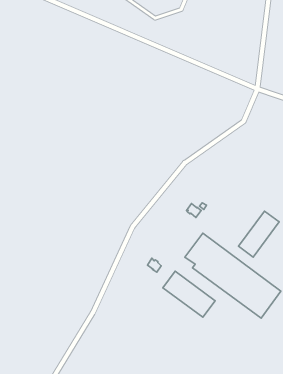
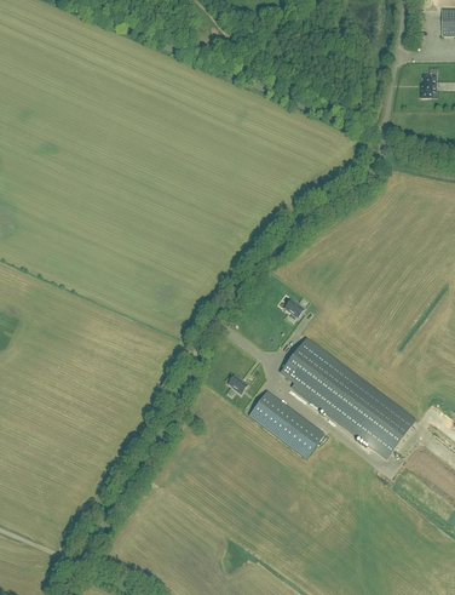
building: [238,211,279,257] -> none

